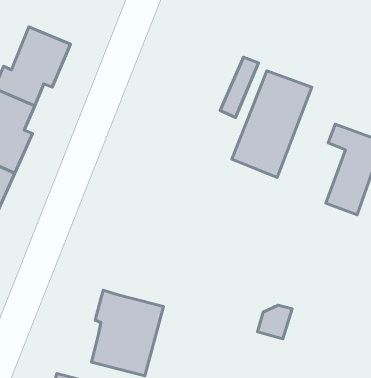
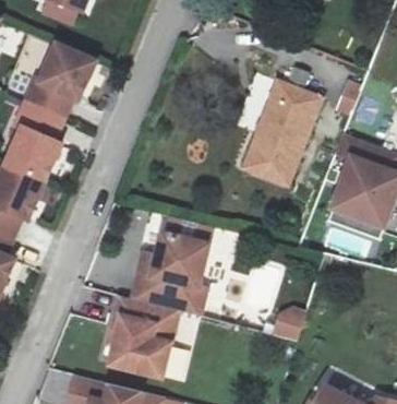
building: none -> [140,231,214,314]

